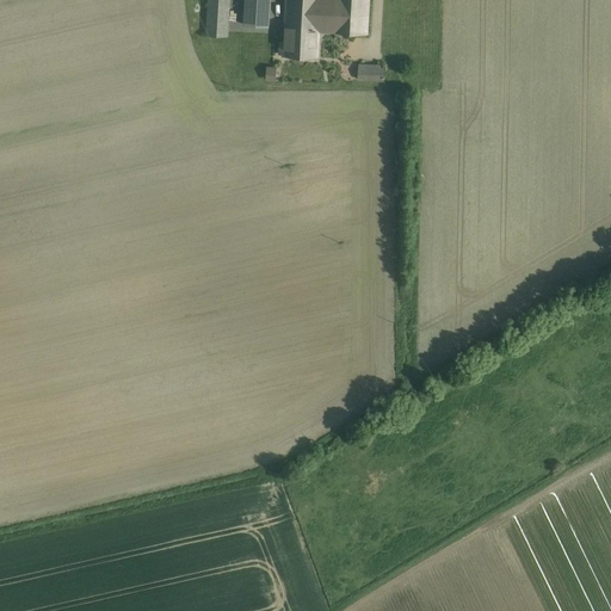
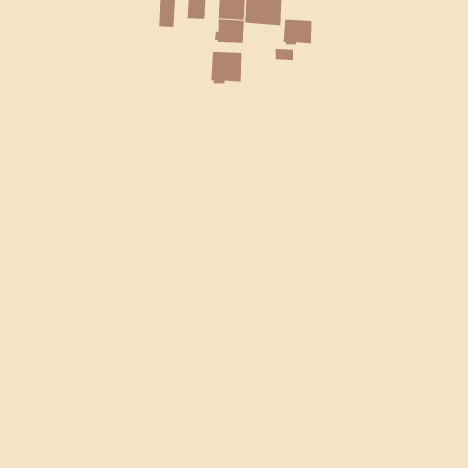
building: none -> [283,19,312,45]
building: none -> [211,51,242,84]

